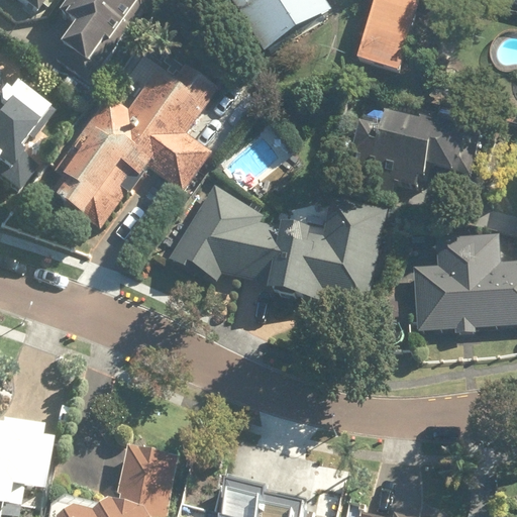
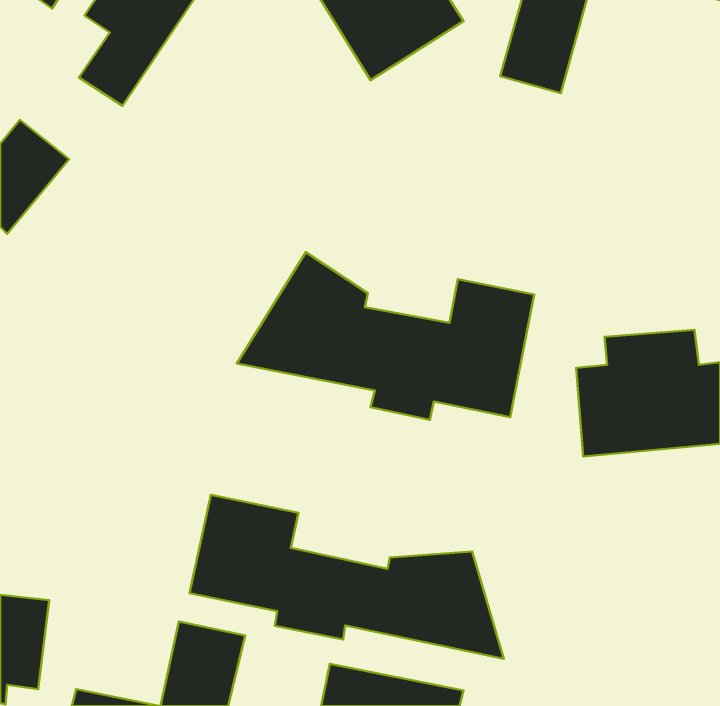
building: [47,45,218,230] -> none
building: [344,114,460,190] -> none
building: none -> [190,495,504,659]

